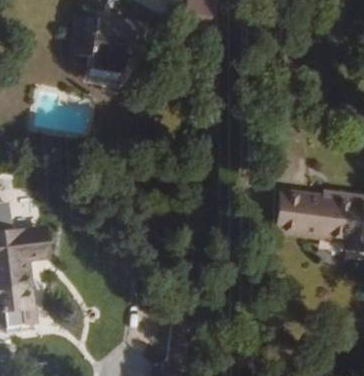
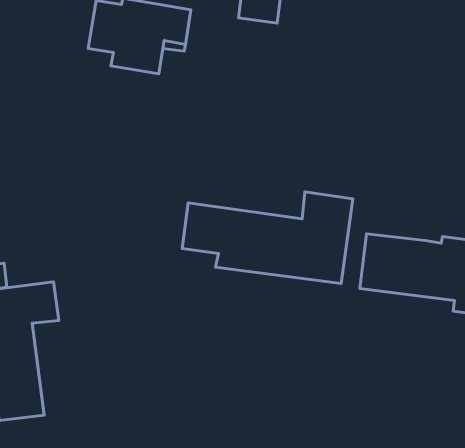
building: none -> [182,192,353,283]

